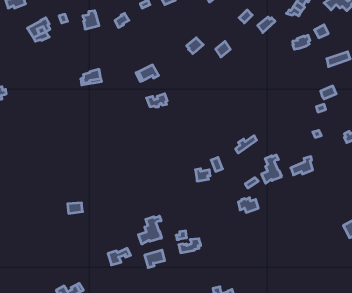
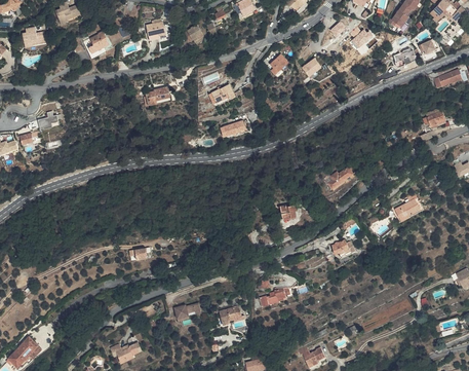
building: [262,155,281,183] -> none
building: [138,216,162,244] -> none

